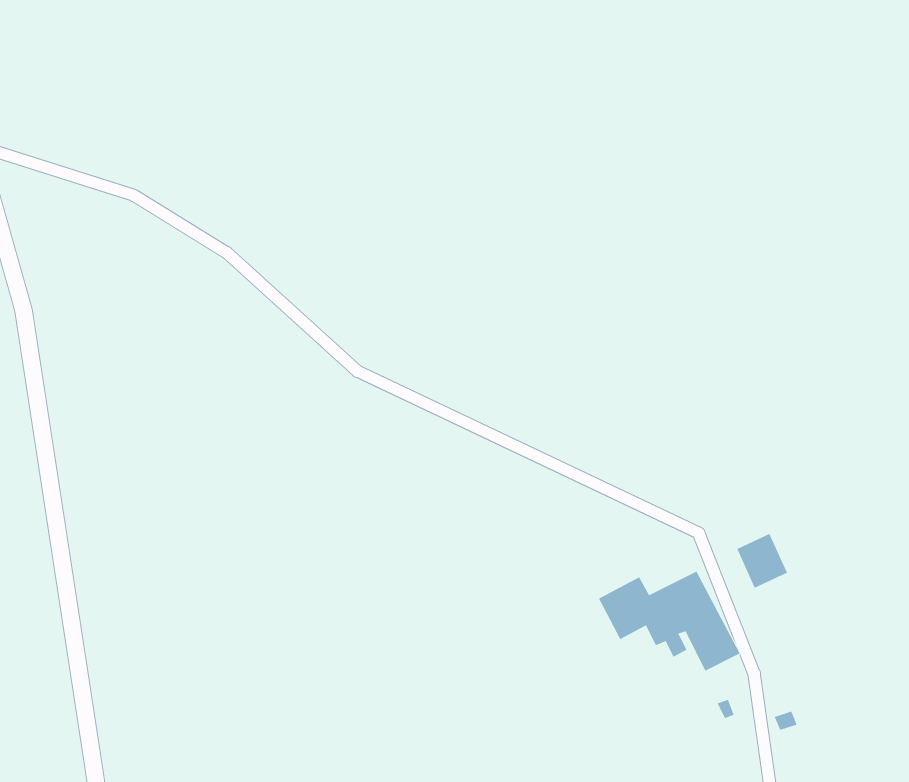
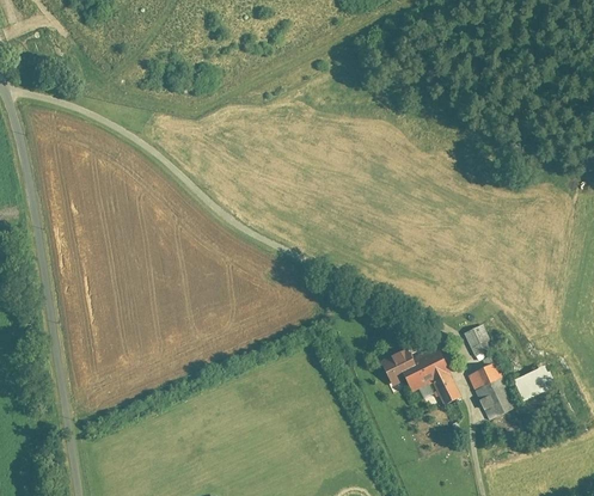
building: none -> [467,365,514,420]
building: none -> [513,369,550,402]

